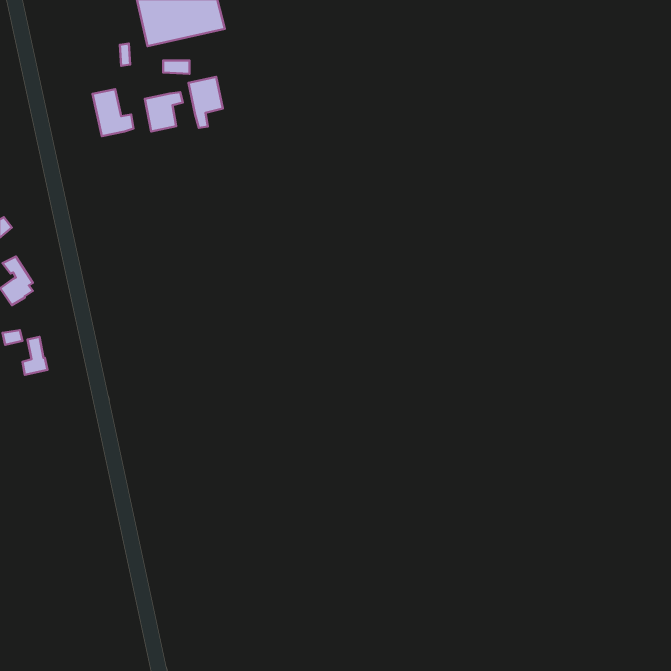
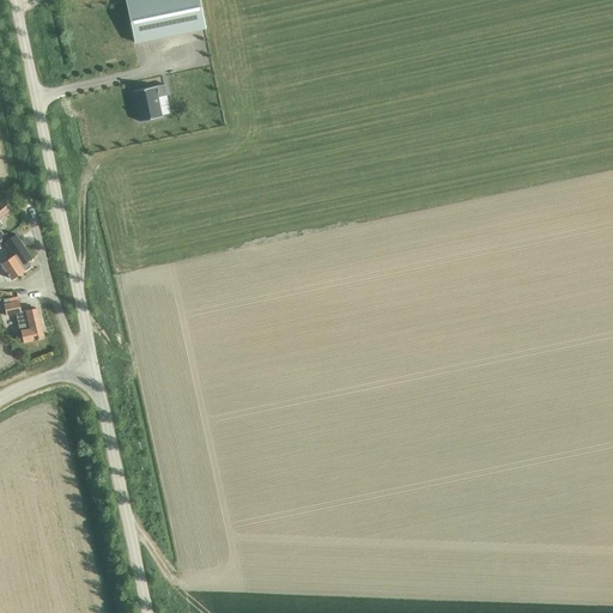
building: [189,77,223,128] -> none
building: [93,89,134,136] -> none

